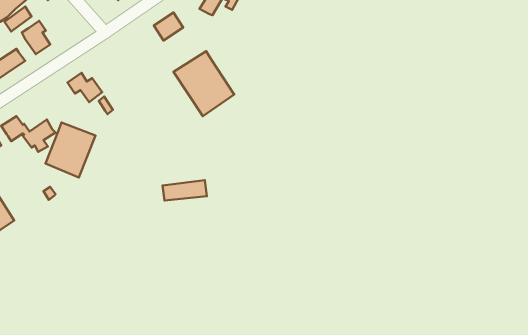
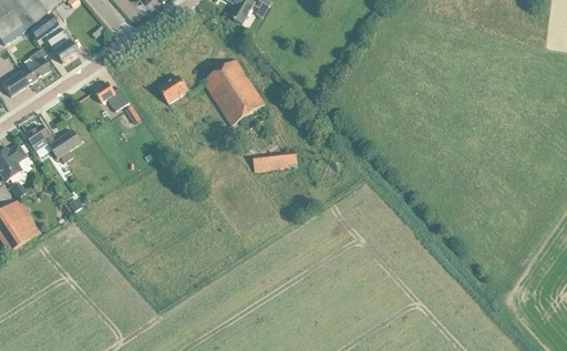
building: [154,12,183,41] -> [157,74,187,103]
building: [45,122,96,178] -> none
building: [162,180,207,201] -> [251,151,297,172]

